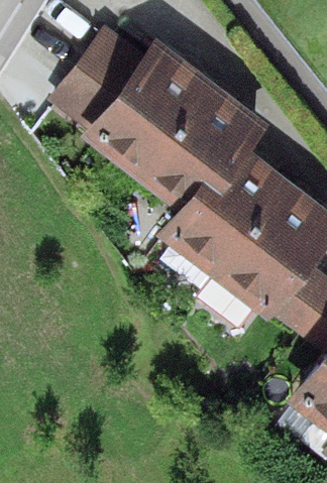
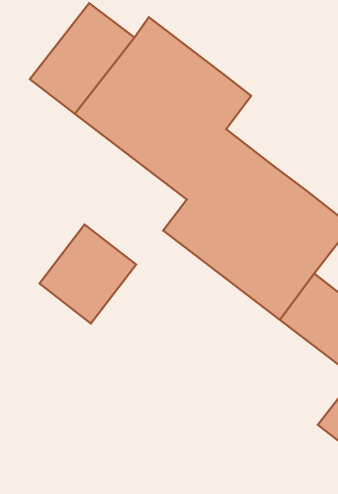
building: none -> [39,224,136,324]

